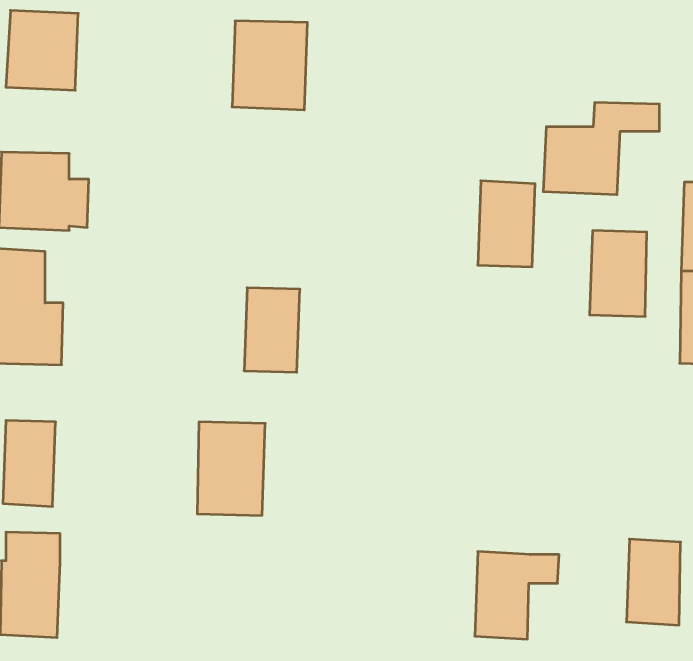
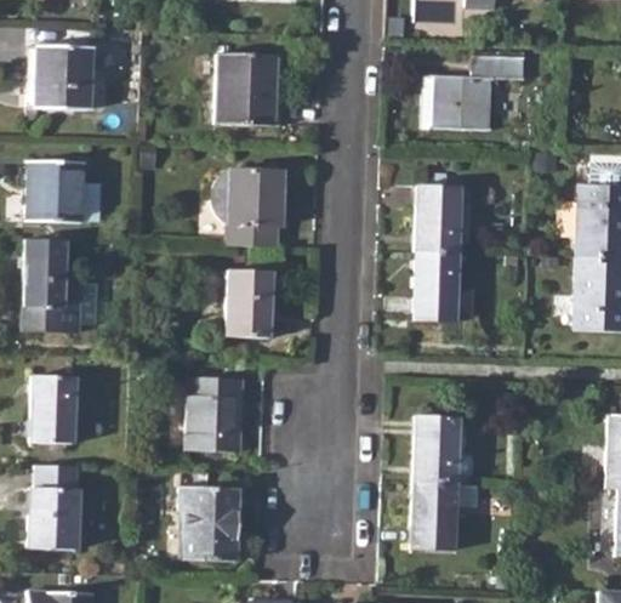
building: [543,103,659,195] -> [431,56,524,130]
building: none -> [212,167,283,248]
building: [590,231,647,316] -> [411,251,457,320]
building: [626,539,681,625] -> [414,415,457,484]
building: none -> [180,487,238,562]

